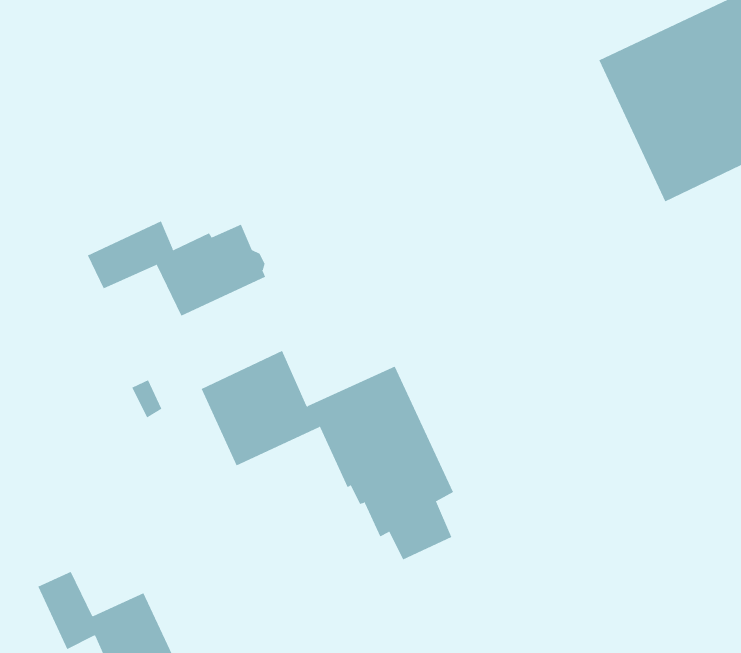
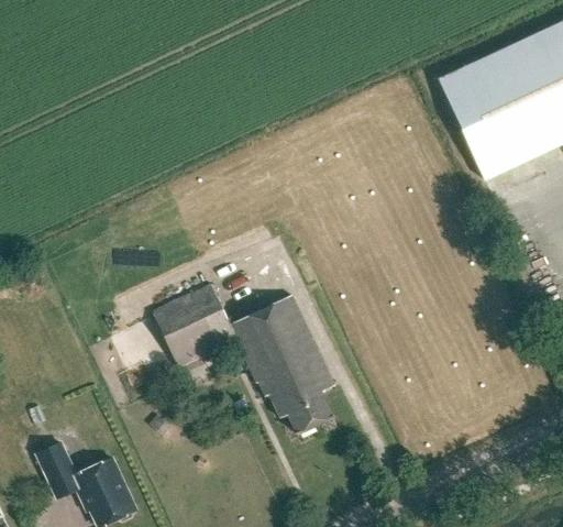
building: [87,221,266,317] -> none

